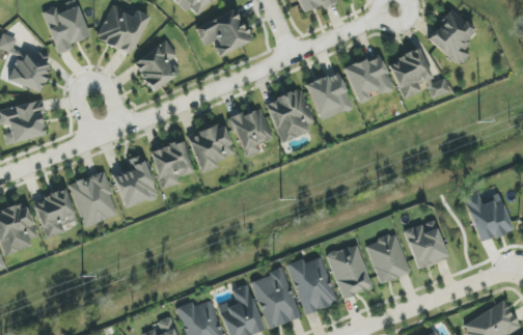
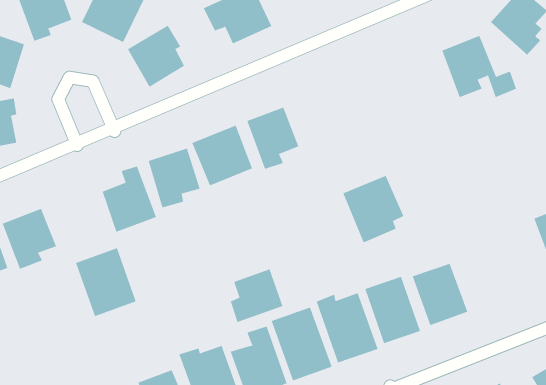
building: [345,54,393,104] -> none
building: [307,72,354,120] -> none
building: [266,88,315,143] -> [343,175,404,243]
building: [70,171,119,227] -> [75,248,137,317]
building: [404,220,449,270] -> none
building: none -> [230,268,283,323]

